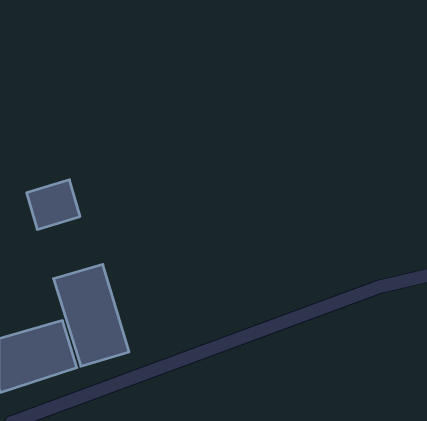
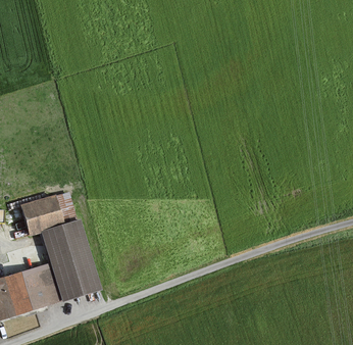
building: [27,180,80,229] -> [21,194,63,233]

